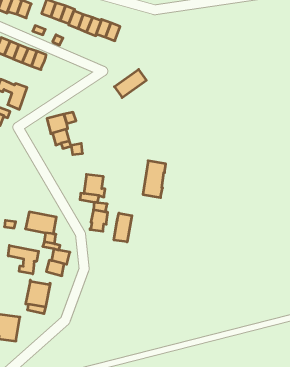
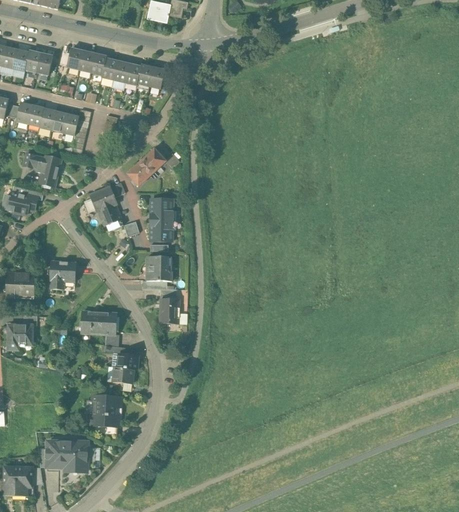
building: [114,69,146,98] -> [127,148,165,185]
building: [143,161,166,198] -> [149,198,172,241]
building: none -> [49,261,75,289]
building: [114,213,132,242] -> none
building: [8,245,39,274] -> none

